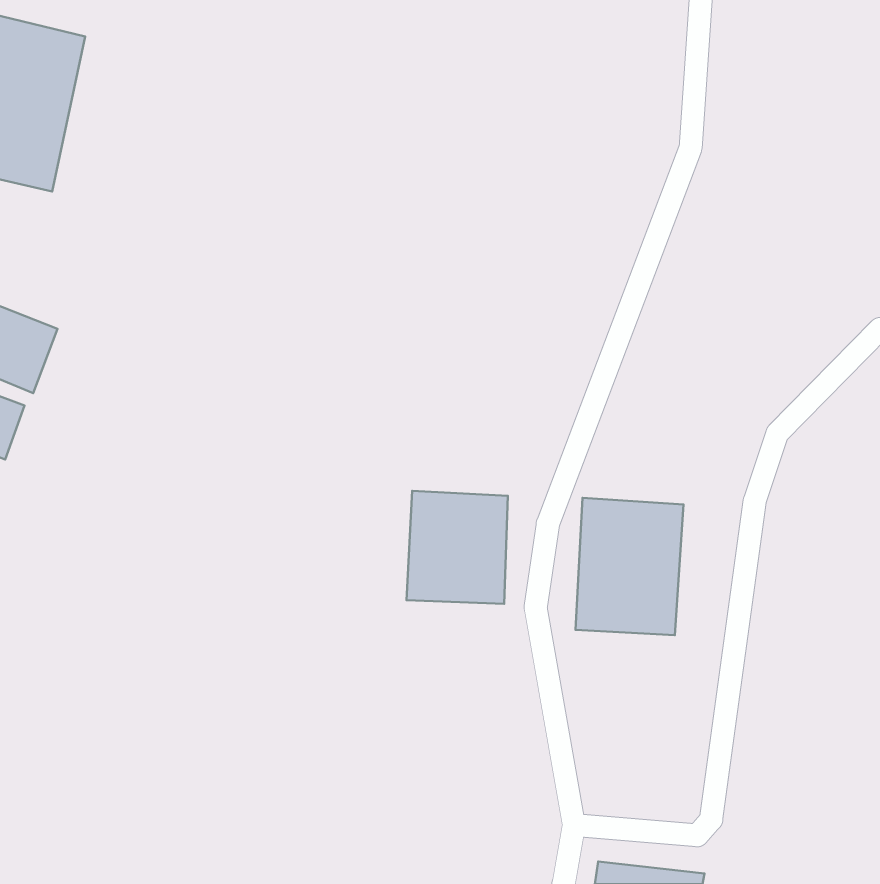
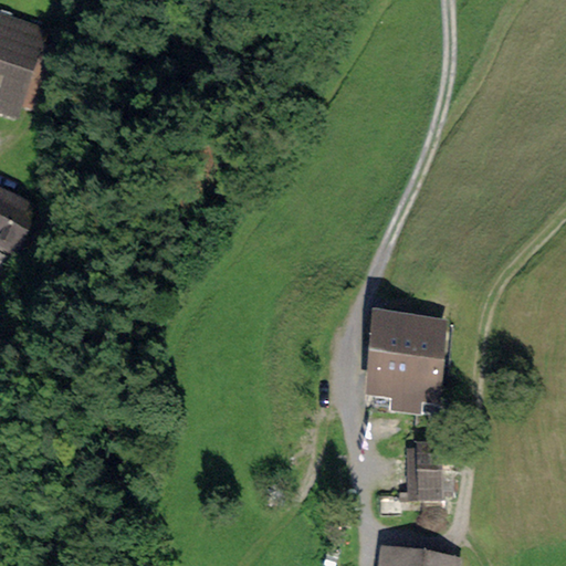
building: [407,491,508,604] -> none
building: none -> [403,443,443,496]

